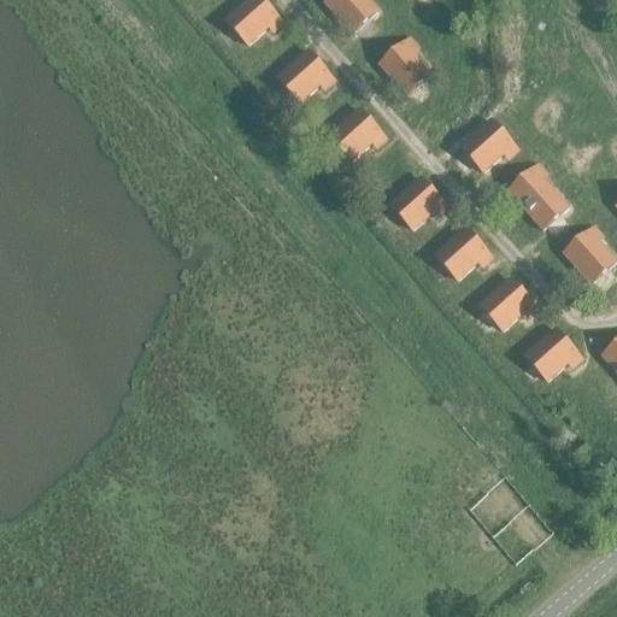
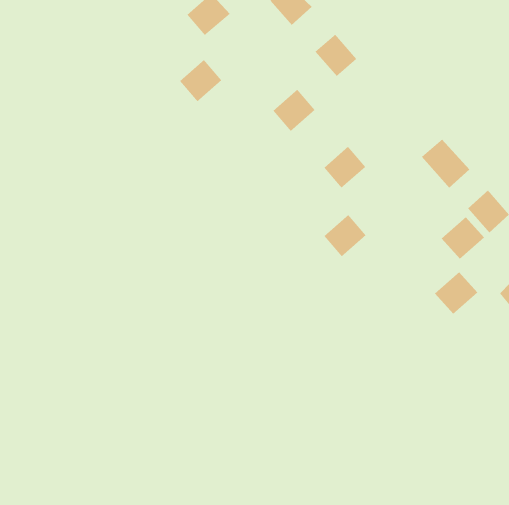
building: [278,49,330,101] -> [179,59,222,102]
building: [462,118,515,170] -> none
building: [436,227,488,278] -> [324,214,367,257]
building: [481,277,534,329] -> [441,217,485,260]

